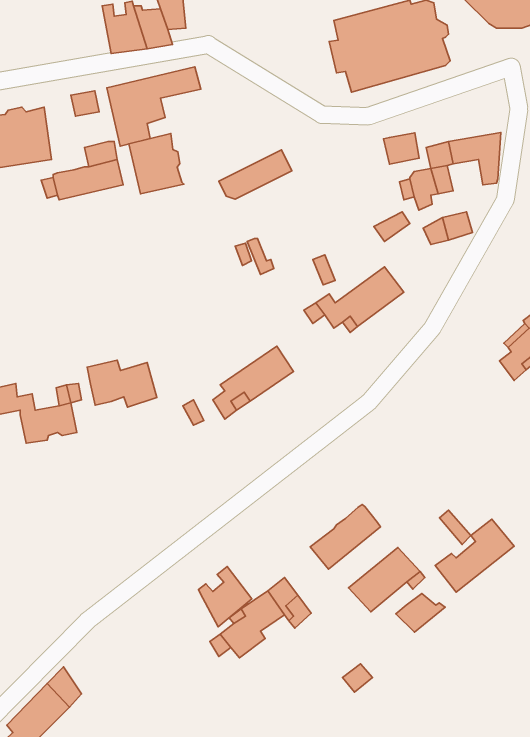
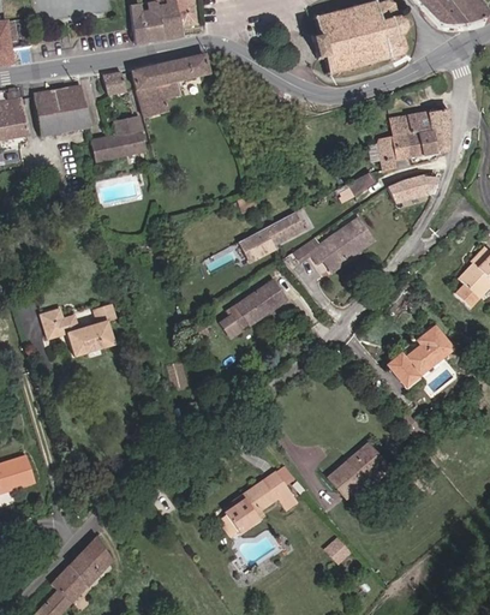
building: [383,133,419,164] -> [407,130,436,155]
building: [129,134,184,194] -> none
building: [219,150,292,199] -> [244,213,303,252]
building: [87,360,157,407] -> none
building: [310,504,380,569] -> none
building: [435,519,514,592] -> [390,326,454,384]
building: [198,566,252,627] -> none
building: [396,594,445,632] -> none

